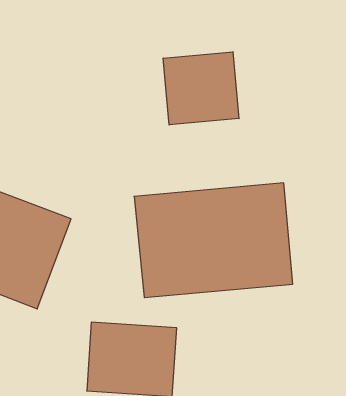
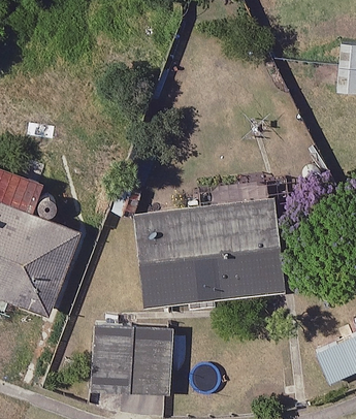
building: [163,52,239,125] -> none

